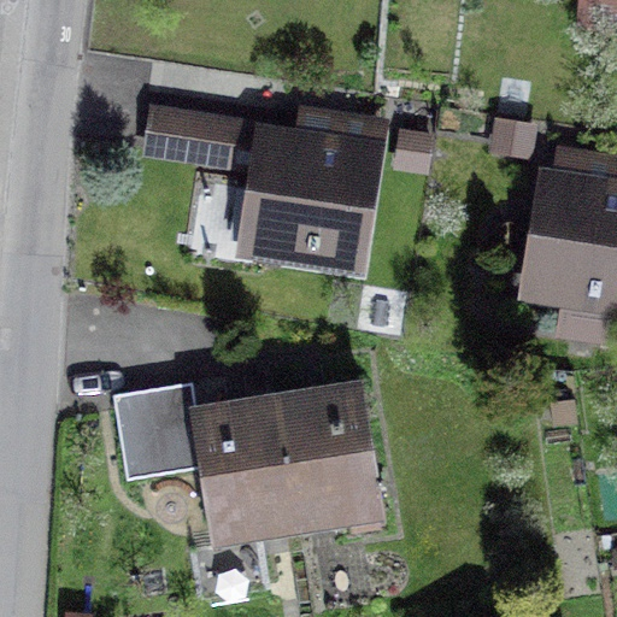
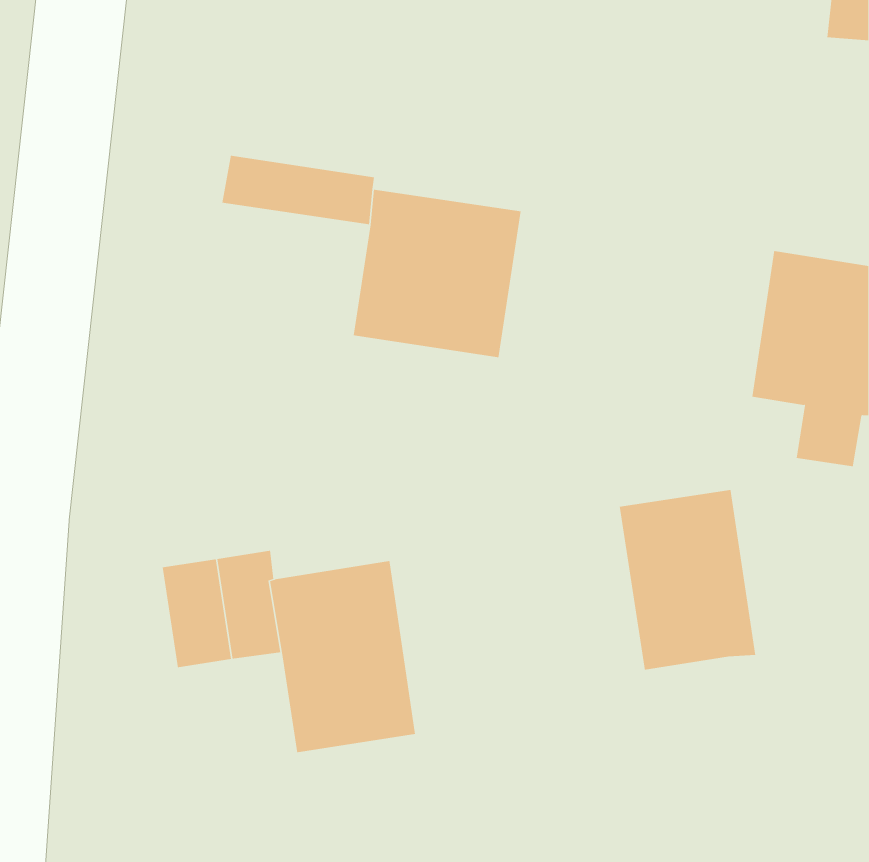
building: none -> [619,489,756,670]
building: [276,383,381,519] -> none

